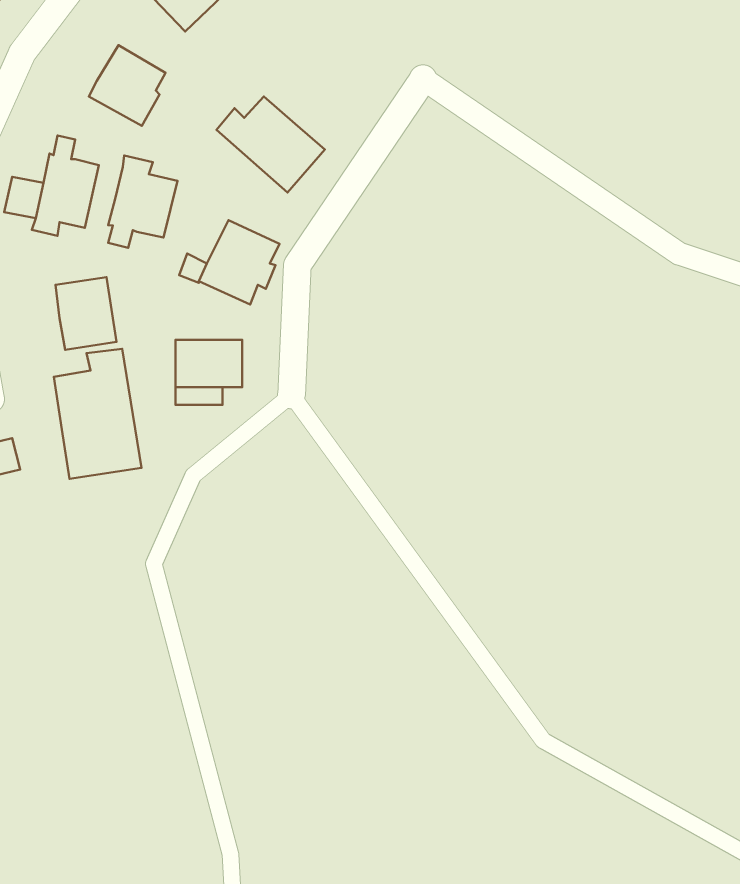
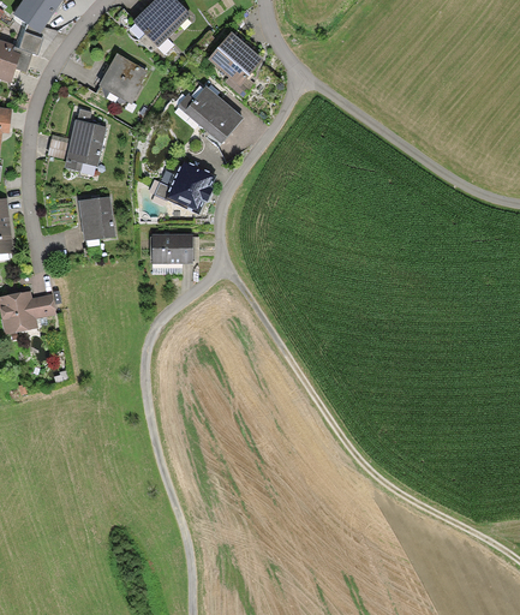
building: none -> [209,34,262,96]
building: [108,156,177,248] -> none
building: [54,349,142,479] -> none

